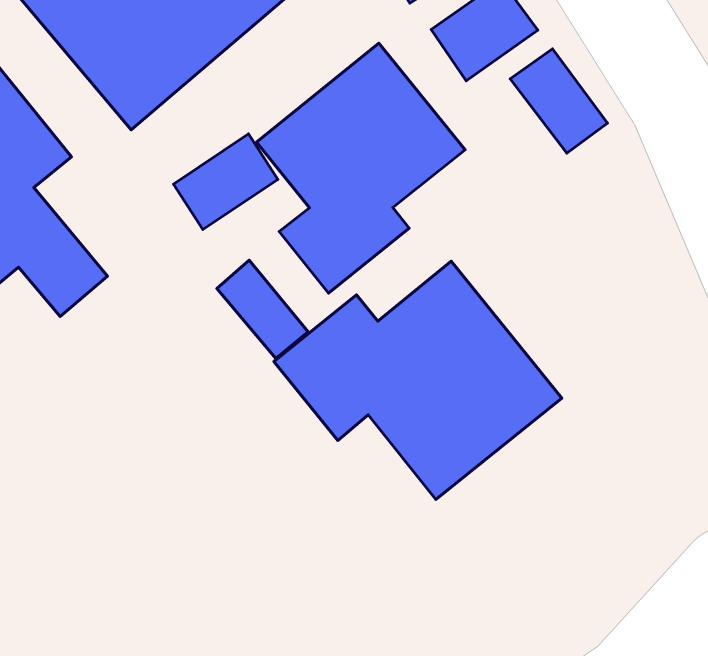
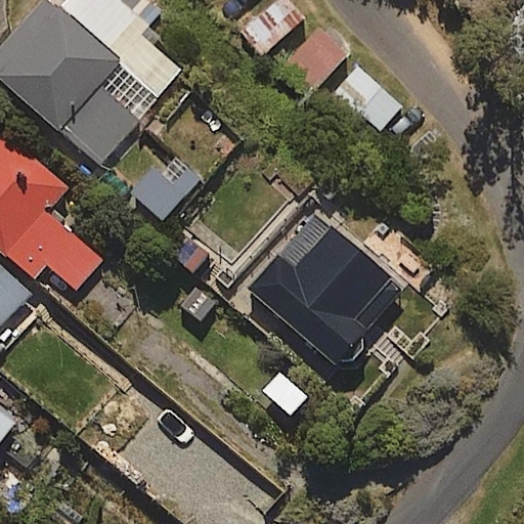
building: [256,43,465,293] -> none

